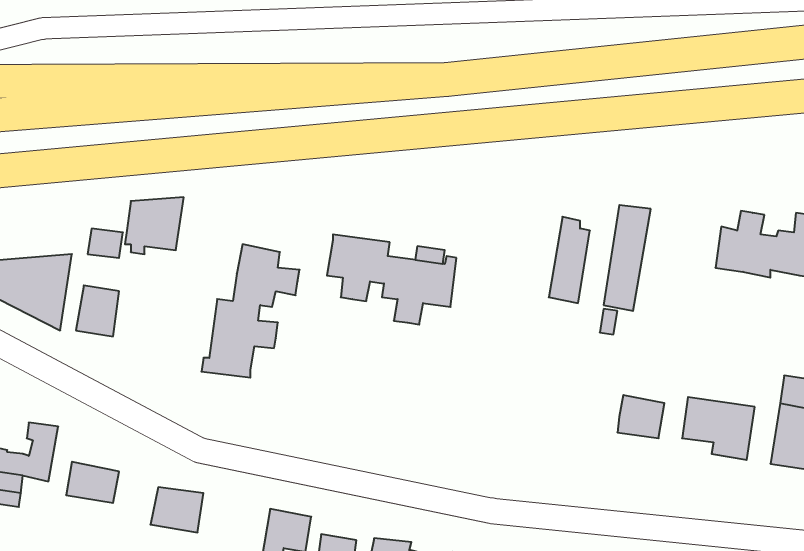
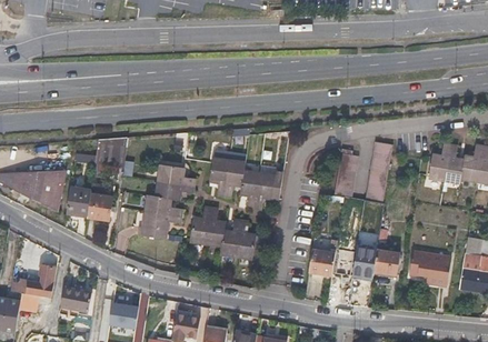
building: none -> [87,183,113,221]
building: none -> [190,208,266,259]
building: none -> [346,238,375,271]
building: none -> [308,249,336,276]

